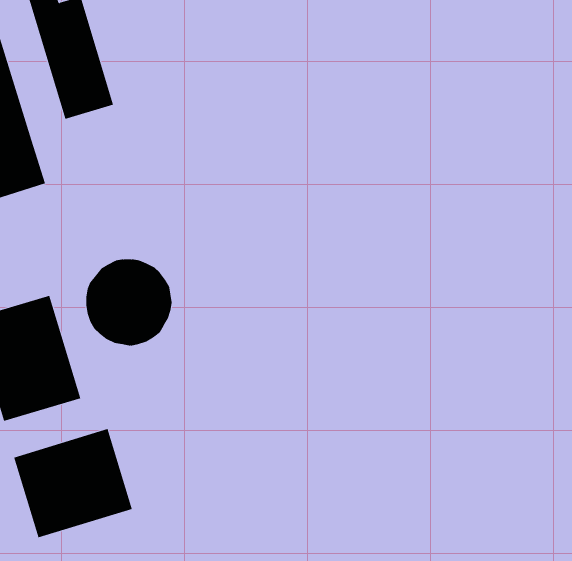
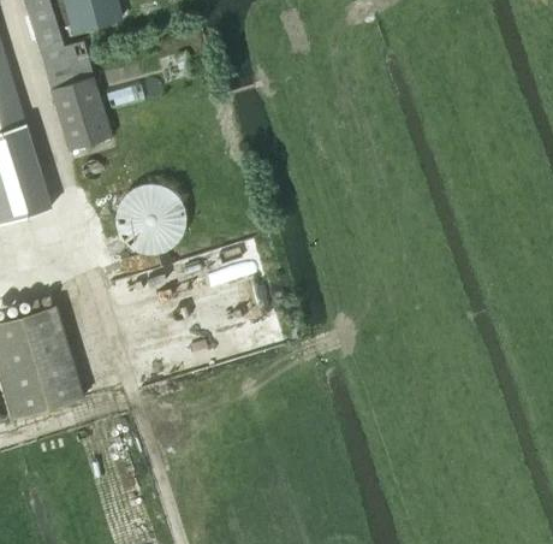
building: [85,259,173,346] -> [115,184,192,261]
building: [13,428,132,538] -> none

